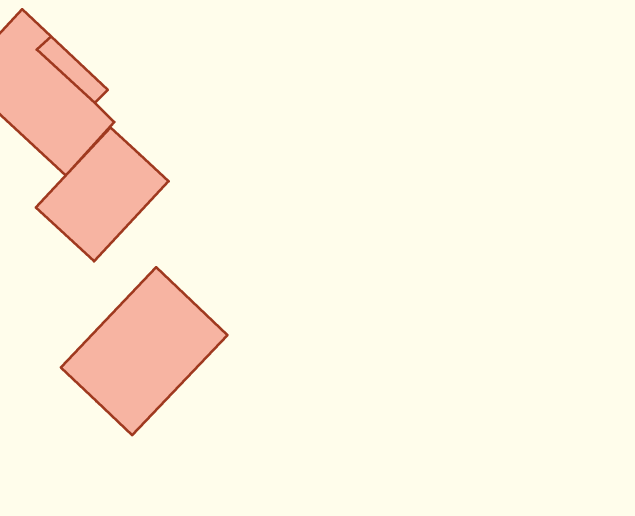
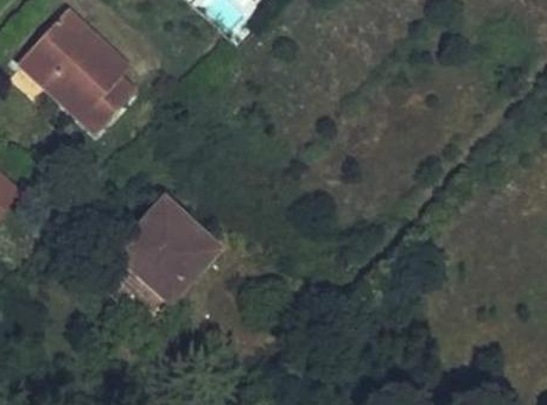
building: [36,127,169,261] -> none

